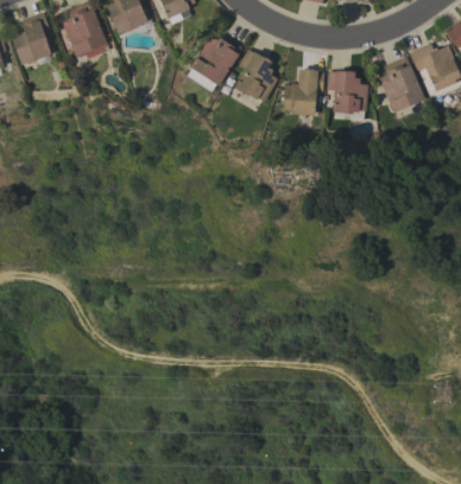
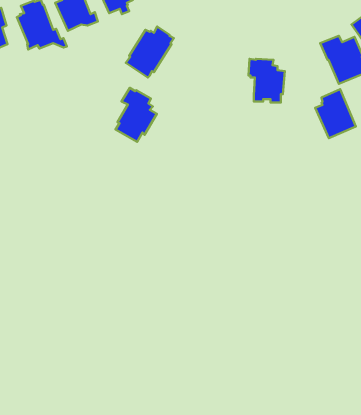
building: [230,49,278,110] -> [115,88,157,142]
building: [378,56,424,112] -> [315,89,356,138]
building: [283,68,323,115] -> none

